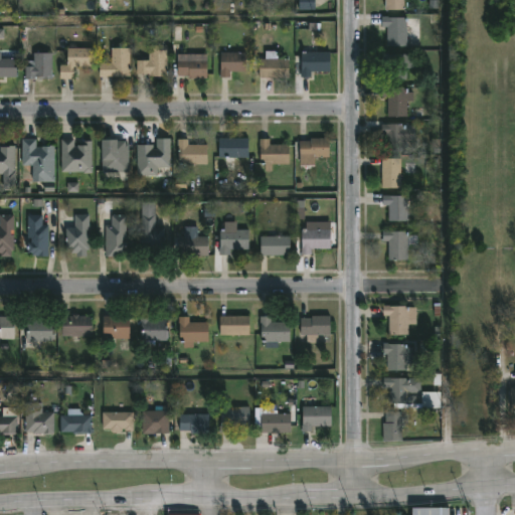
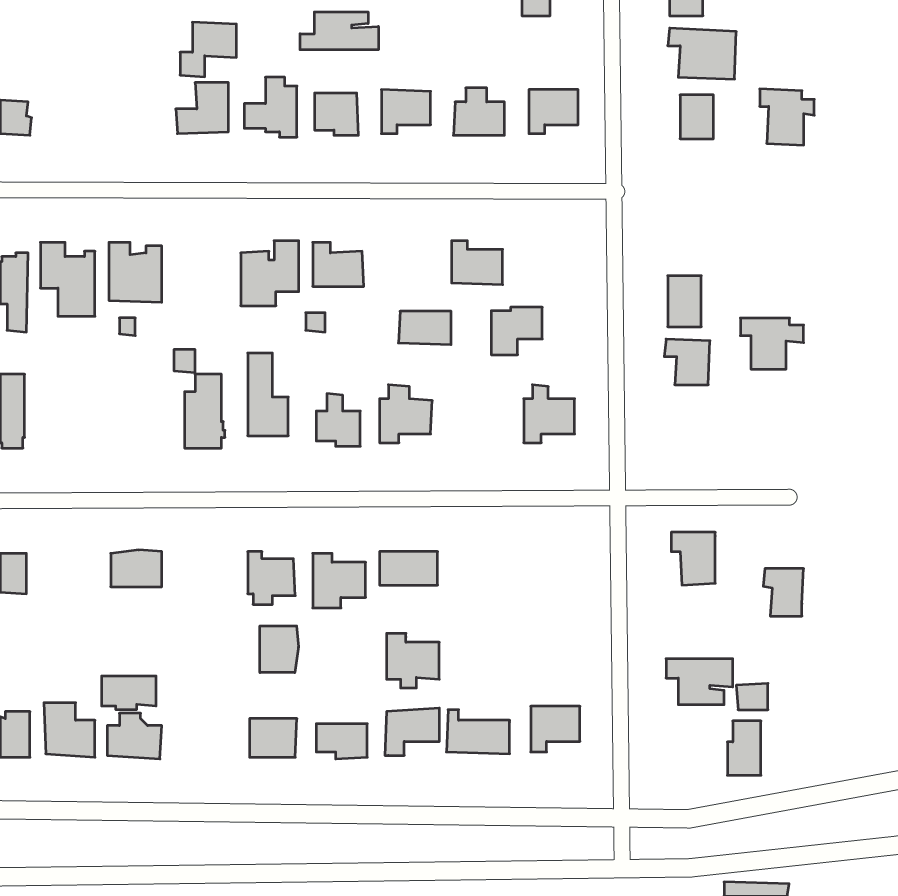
building: none -> [300,12,378,50]
building: [61,47,94,78] -> [180,22,236,77]
building: [26,52,53,78] -> none
building: [383,87,414,119] -> [760,89,814,145]
building: [379,123,412,151] -> none
building: [219,138,249,157] -> [398,311,451,345]
building: [301,138,330,165] -> [491,307,542,355]
building: [103,140,129,172] -> none
building: [66,213,91,258] -> none
building: [27,214,49,256] -> none
building: [380,230,416,260] -> [740,318,804,369]
building: [258,236,287,255] -> none
building: [104,316,131,344] -> none
building: [259,316,289,347] -> [387,633,439,688]
building: [299,316,332,334] -> none
building: [27,317,53,341] -> none
building: [381,343,404,370] -> [763,569,804,616]
building: none -> [260,626,298,673]
building: [381,411,400,443] -> [727,721,761,775]
building: [104,412,135,432] -> [102,676,156,709]

